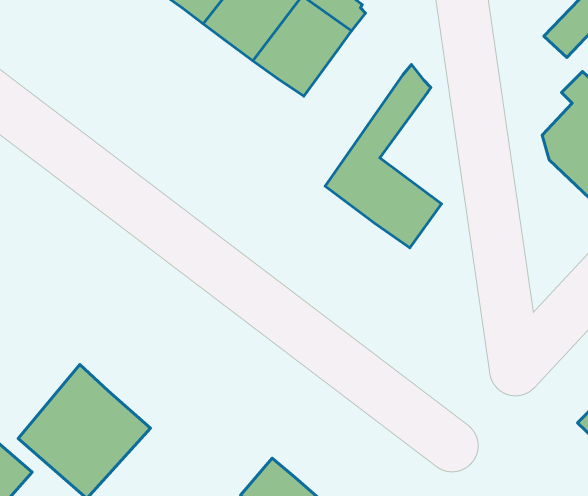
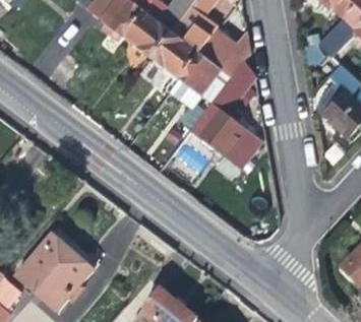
building: none -> [172,29,247,108]

